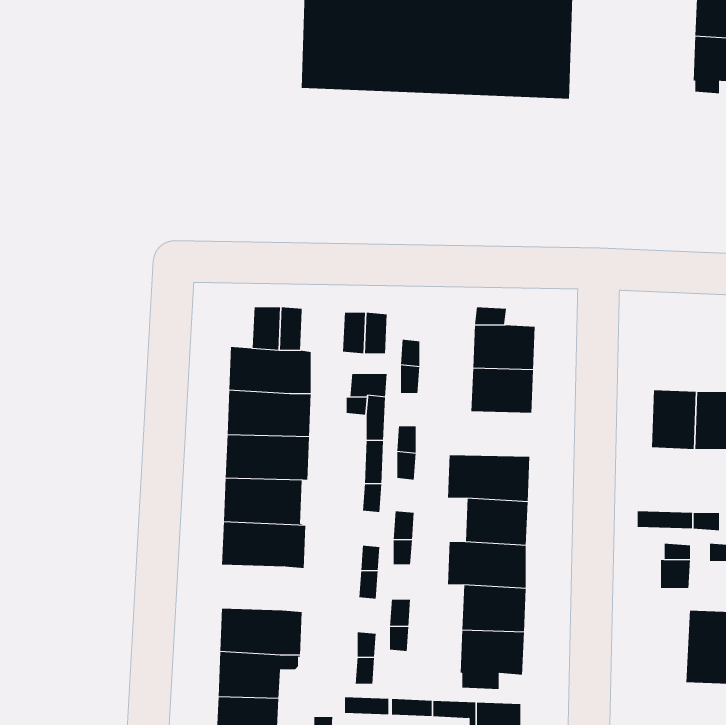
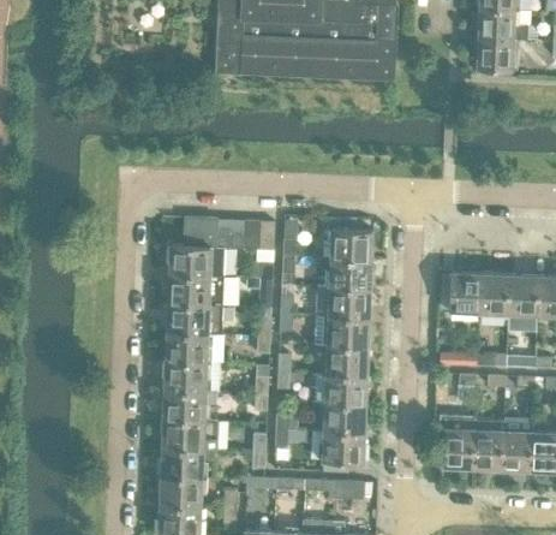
building: none -> [216,220,245,248]
building: none -> [315,286,370,317]
building: none -> [163,390,205,420]
building: none -> [438,415,474,468]

